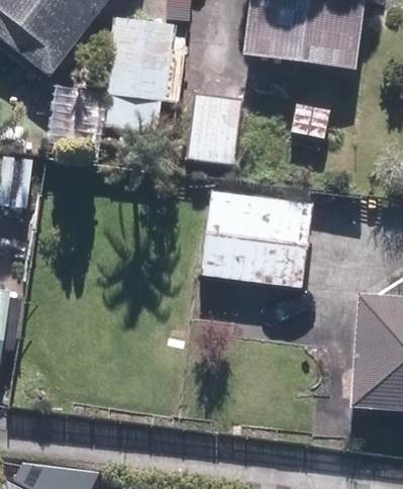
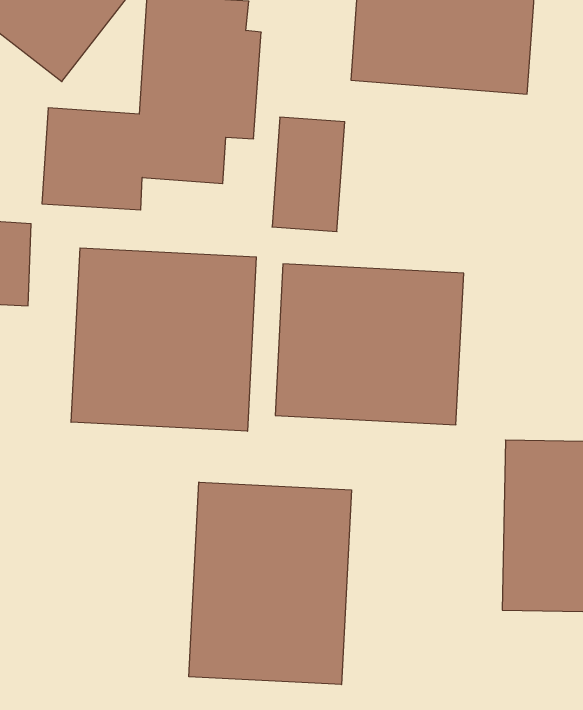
building: none -> [71,248,256,431]
building: none -> [189,482,351,685]

